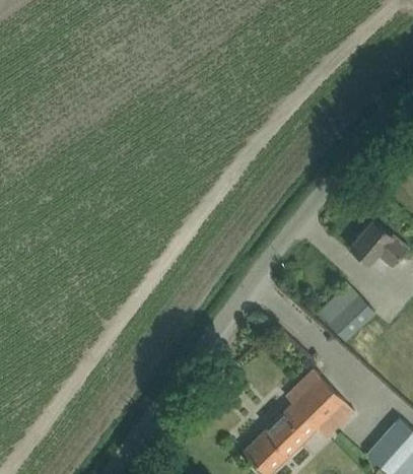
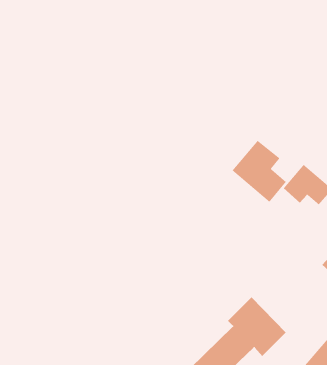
building: none -> [231,140,287,203]
building: [320,285,375,341] -> none

